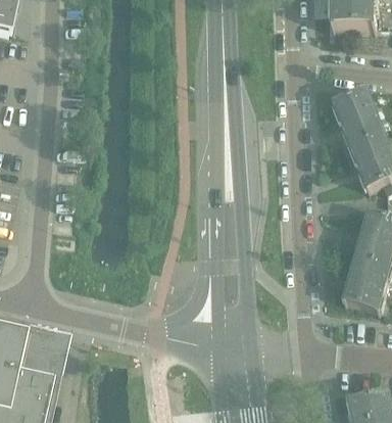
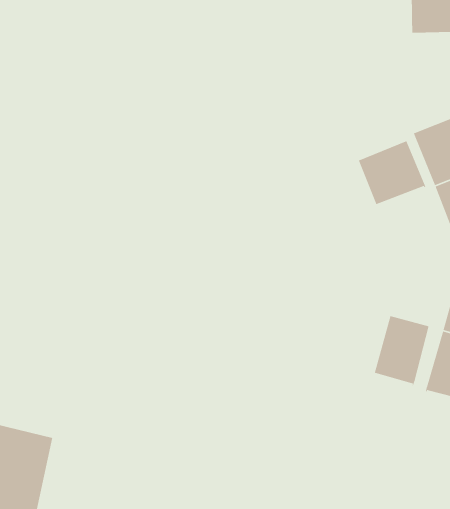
building: none -> [358,140,426,205]
building: none -> [374,315,430,387]

